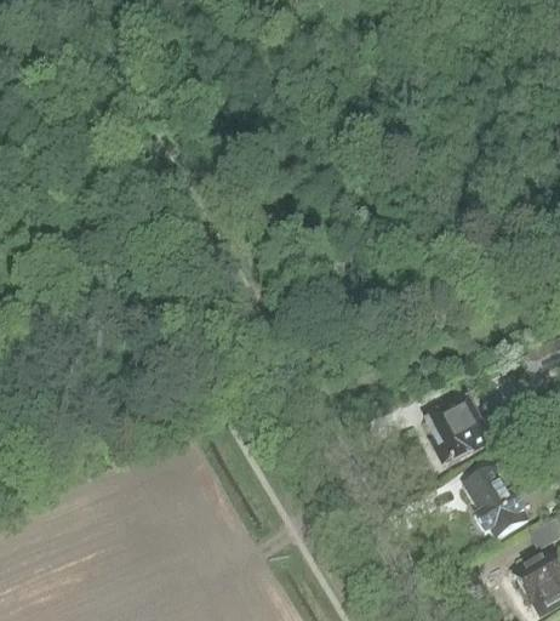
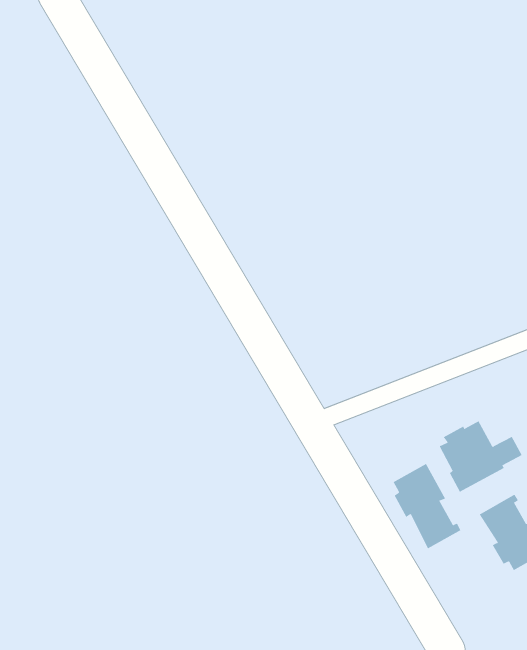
building: none -> [393,463,461,549]

